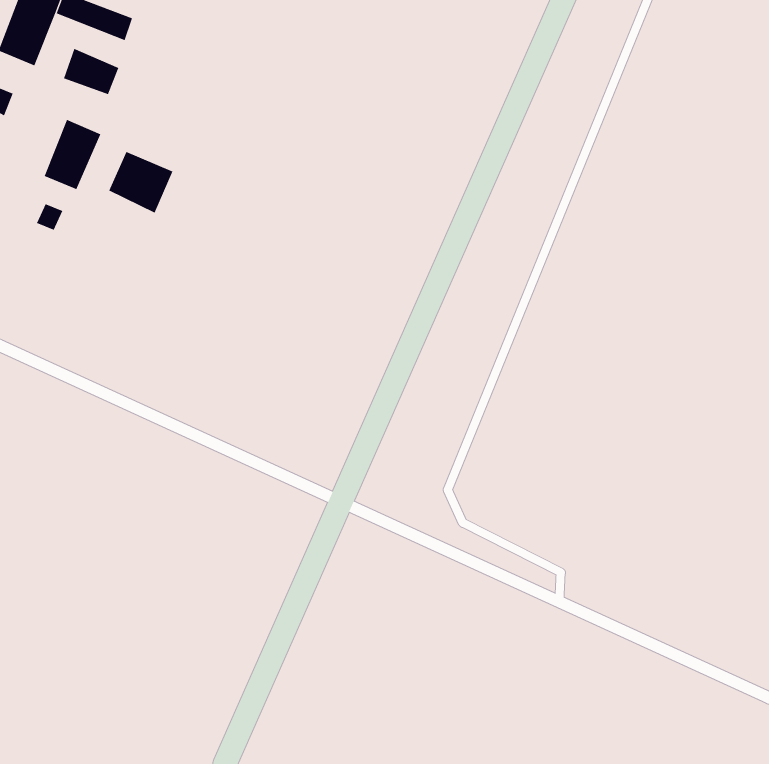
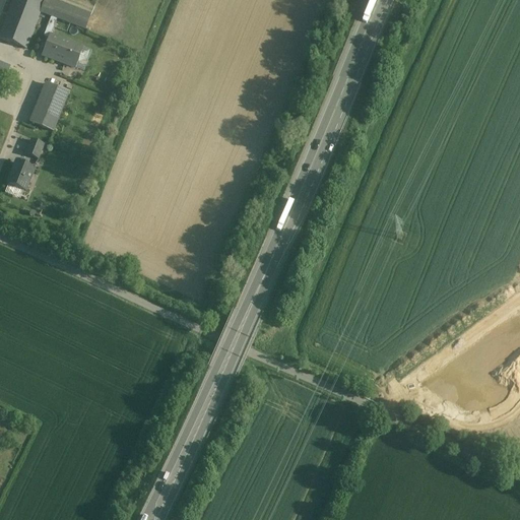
building: [108,151,173,213] -> none
building: none -> [6,159,32,187]

